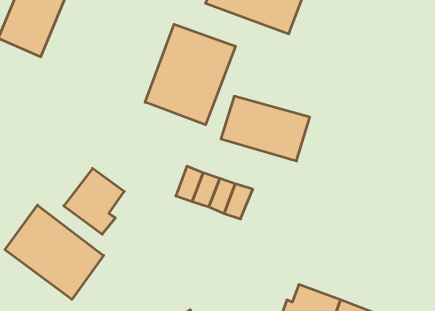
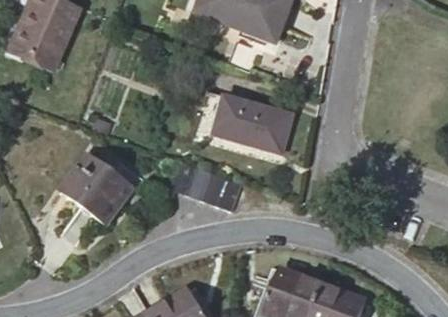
building: [145,24,235,125] -> none
building: [5,205,104,299] -> none

